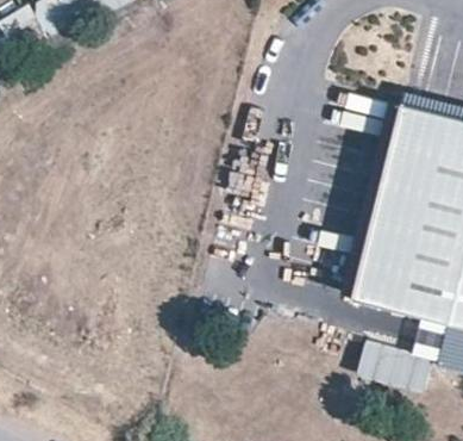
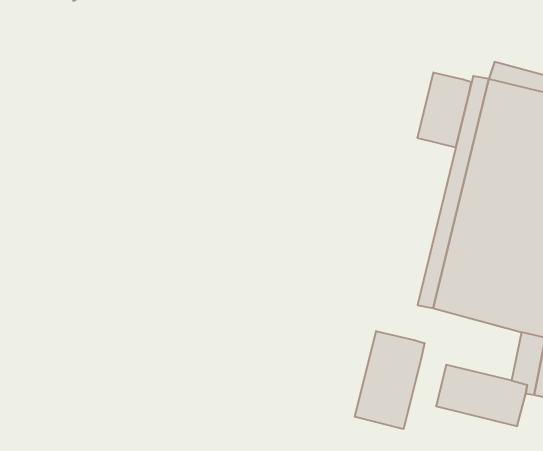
building: none -> [418,72,471,147]
building: none -> [355,331,425,429]

